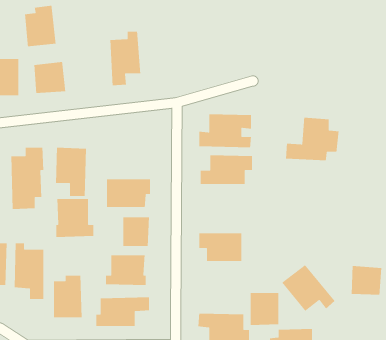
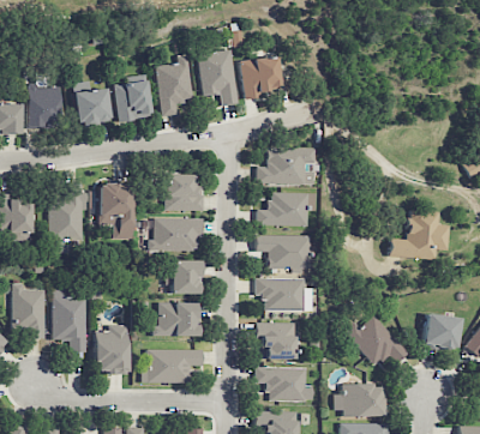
building: [24,5,57,47] -> [115,74,151,121]
building: none -> [198,47,238,106]
building: none -> [240,55,281,98]
building: [285,117,339,161] -> [390,210,450,259]
building: none -> [164,174,204,211]
building: none -> [256,234,311,270]
building: [55,198,94,238] -> none
building: [250,292,279,326] -> [262,323,294,360]

